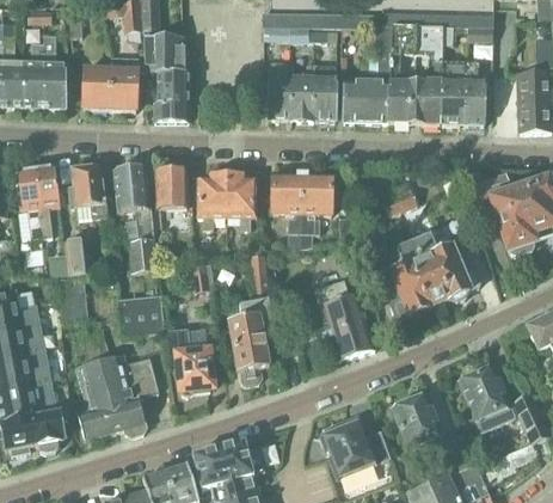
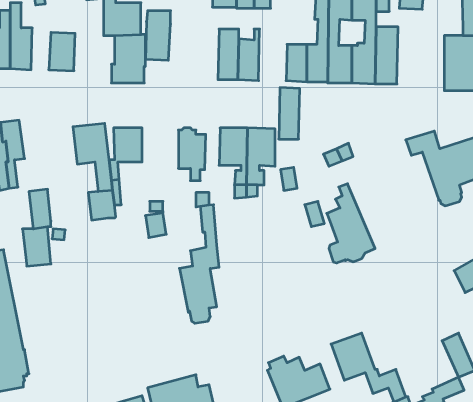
building: [112,56,140,110] -> [145,11,171,60]
building: [463,61,485,123] -> none
building: [313,63,336,119] -> [279,88,300,139]
building: [67,165,106,217] -> none
building: [196,171,226,228] -> none
building: [410,228,480,302] -> none
building: [314,278,374,360] -> none
building: [117,293,164,335] -> none
building: [168,329,213,395] -> none
building: [81,354,159,436] -> none
building: [459,366,512,430] -> none

